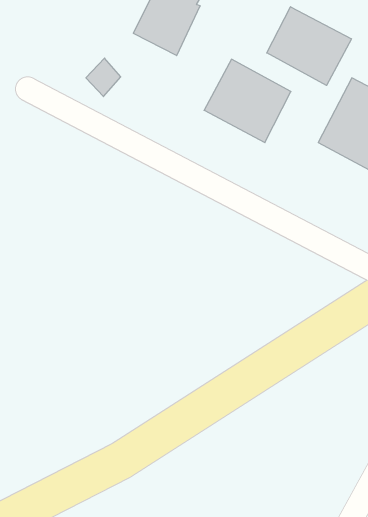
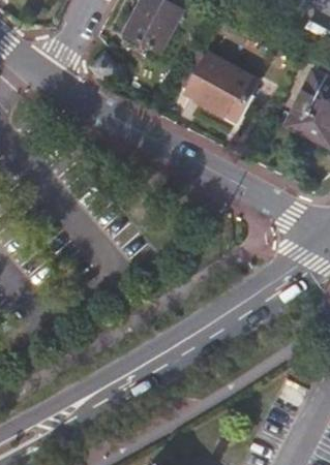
building: [267,7,351,85] -> none

